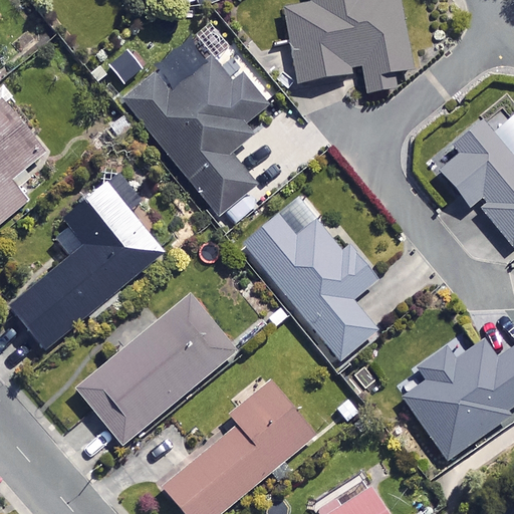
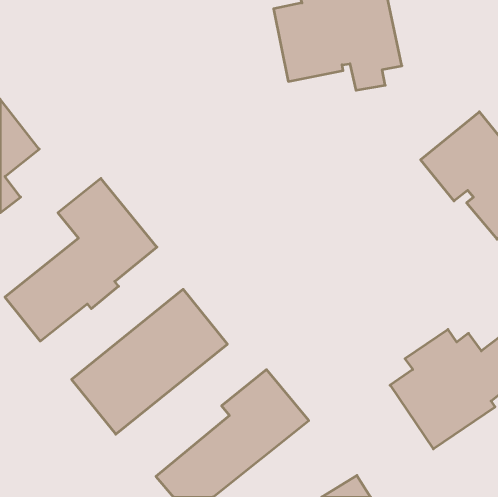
building: [117,34,268,216] -> none
building: [241,212,377,360] -> none

